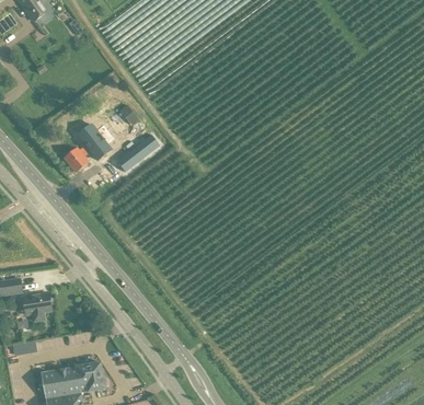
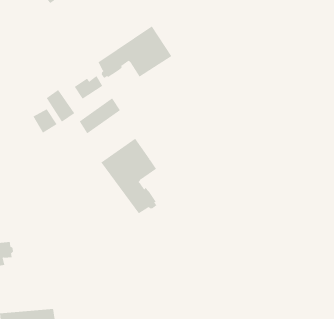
building: none -> [98,25,172,78]
building: none -> [101,138,157,214]

